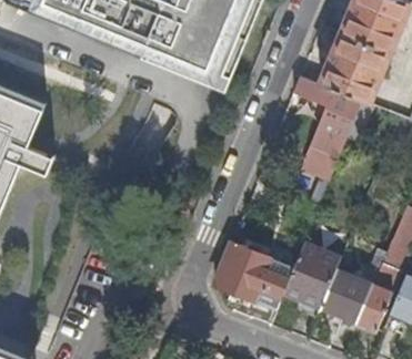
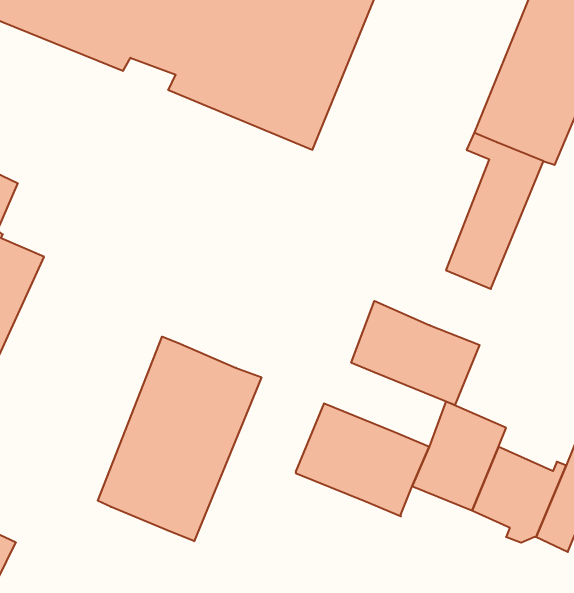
building: none -> [351,301,480,405]
building: none -> [98,337,261,541]

